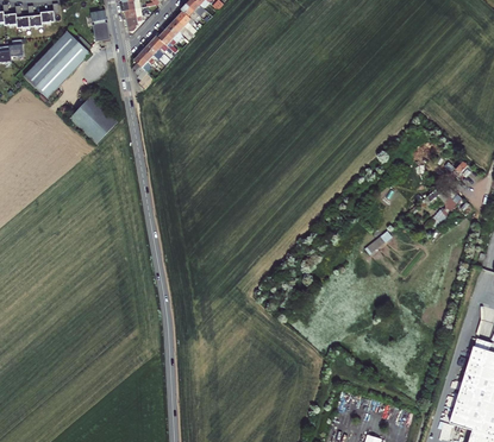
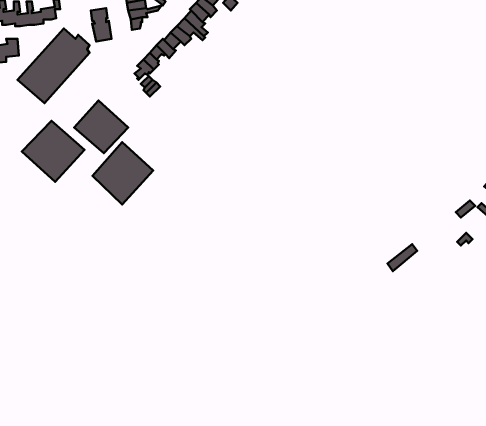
building: none -> [22,121,84,182]
building: none -> [92,142,153,204]

